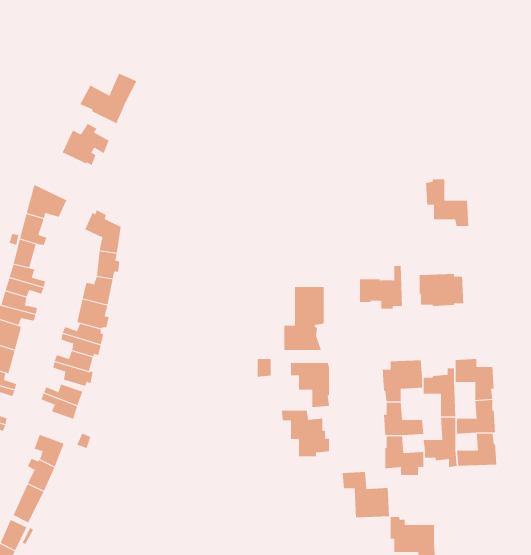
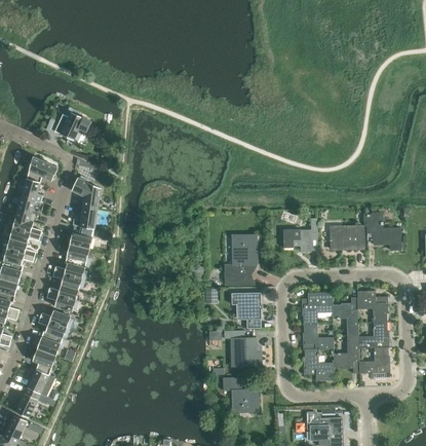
building: [80,73,137,124] -> none
building: [425,179,469,227] -> [366,212,400,249]
building: none -> [36,330,65,356]
building: [342,471,390,518] -> [222,376,259,412]

